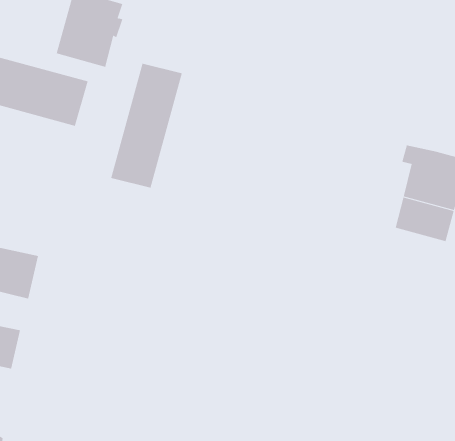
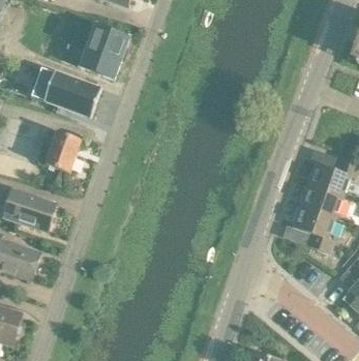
building: [111,63,182,188] -> none
building: none -> [46,131,81,173]
building: none -> [291,204,333,252]

